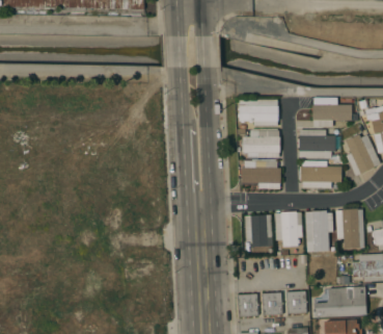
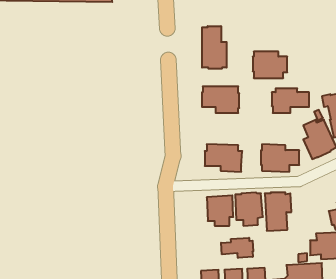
building: none -> [202,26,227,69]
building: [242,130,280,159] -> none
building: [299,130,335,158] -> [253,52,287,78]
building: [335,209,364,249] -> none
building: none -> [221,238,253,258]

